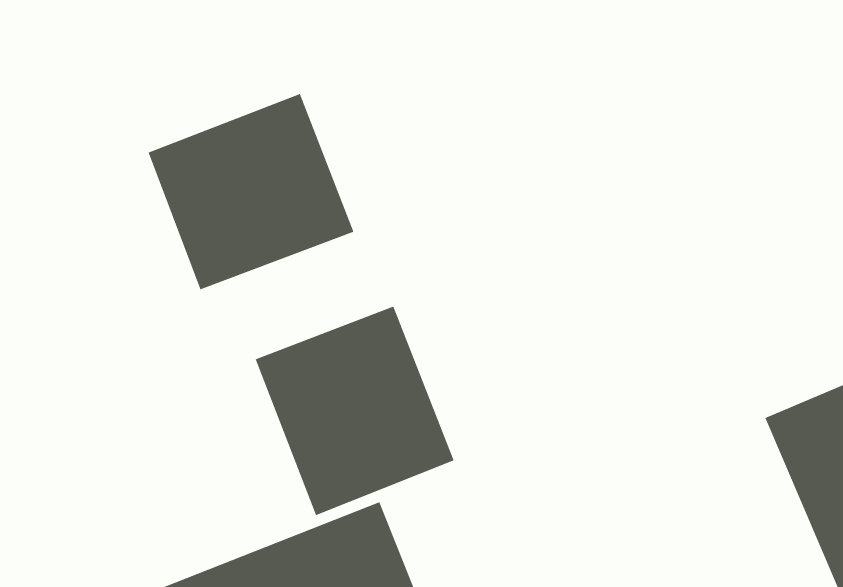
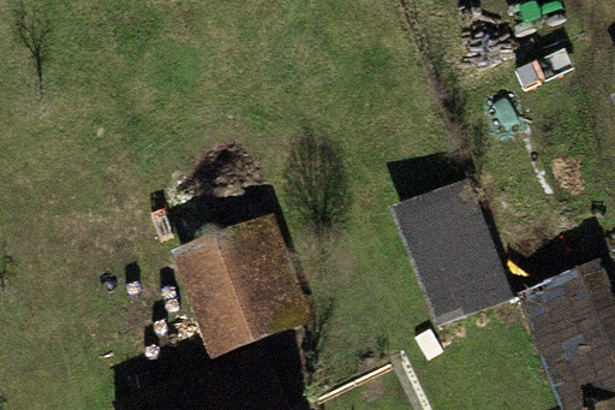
building: [148,93,354,290] -> none
building: none -> [400,183,512,319]

